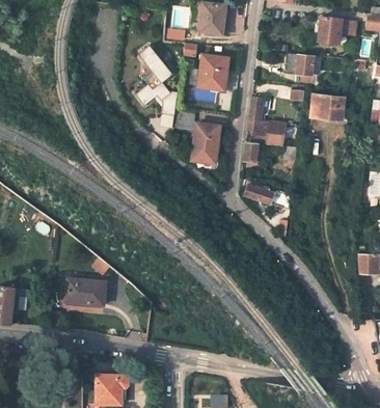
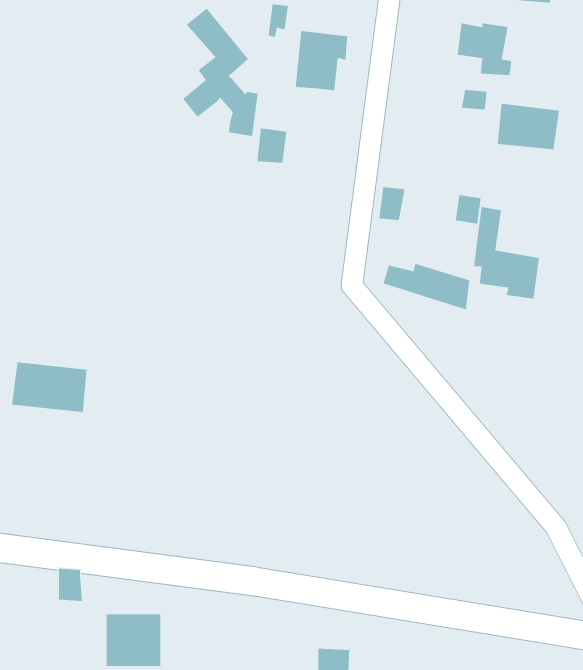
building: [248,96,284,146] -> [473,206,540,299]
building: [192,123,220,166] -> none
building: [66,278,108,306] -> [11,361,87,413]

